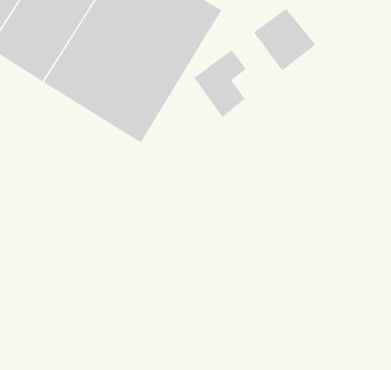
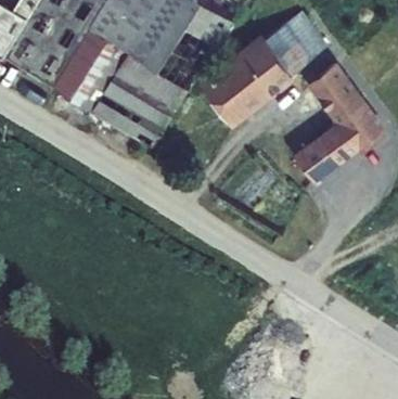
building: none -> [241,37,290,102]
building: none -> [296,68,380,179]

